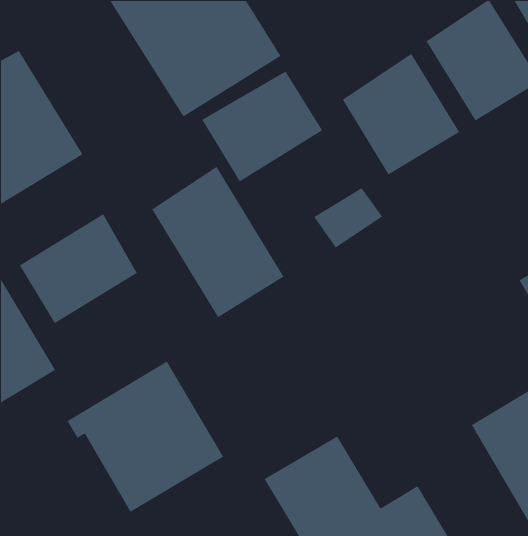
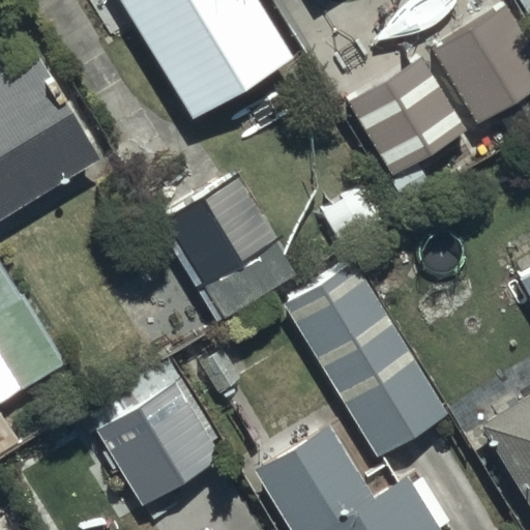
building: [201,70,323,182] -> none
building: [19,213,138,324] -> none
building: none -> [283,264,449,460]

